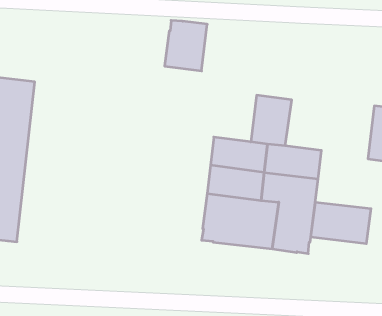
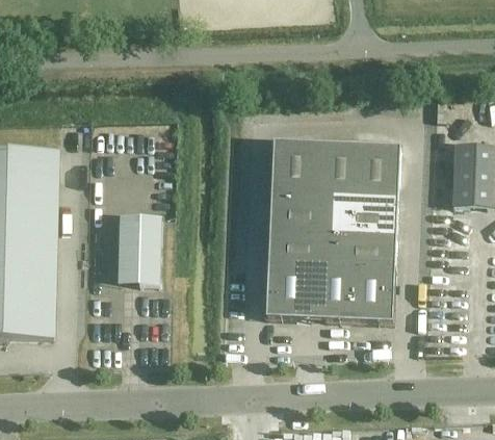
building: [165,20,207,71] -> [271,139,317,196]
building: none -> [356,143,400,199]
building: none -> [120,214,162,283]
building: [311,202,371,244] -> none

